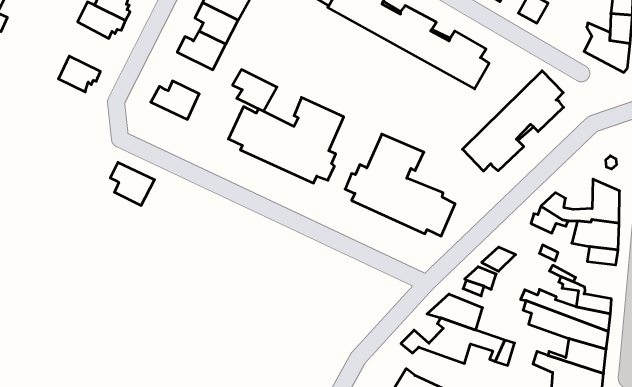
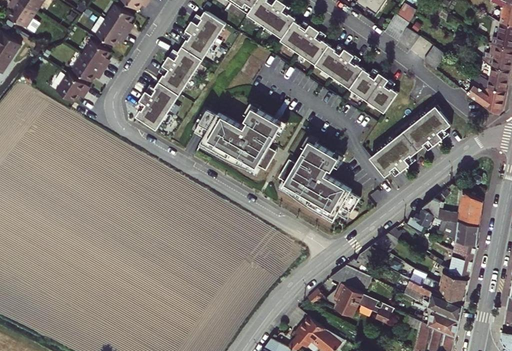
building: none -> [82,40,109,69]
building: [233,70,277,111] -> [155,61,188,94]
building: none -> [54,74,88,103]
building: [110,162,155,205] -> [132,96,165,130]
building: none -> [448,251,473,278]

